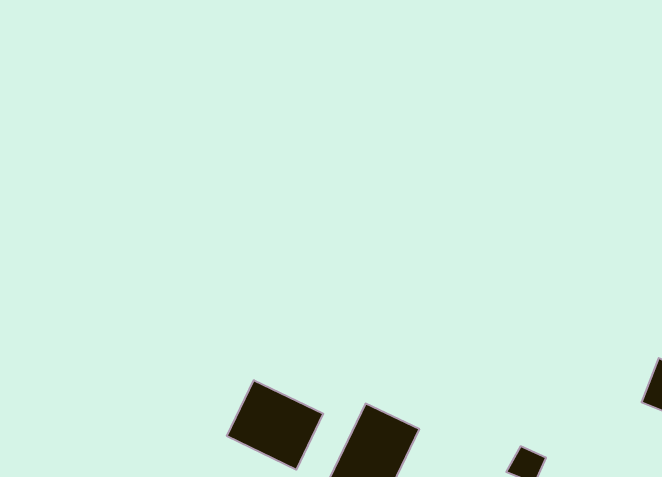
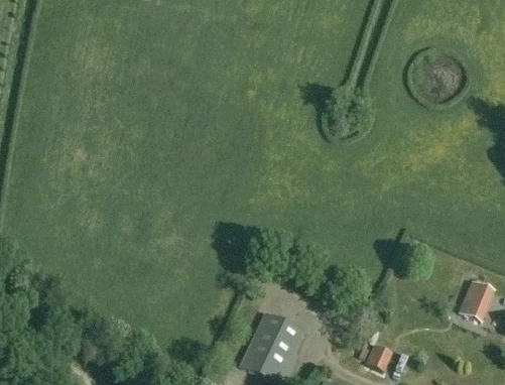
building: [227,380,323,470] -> none

